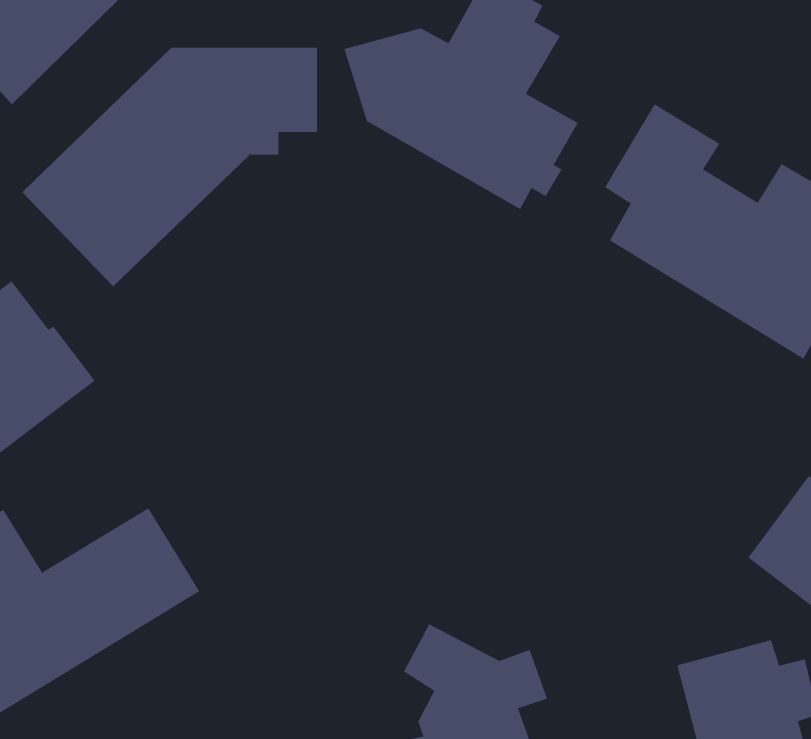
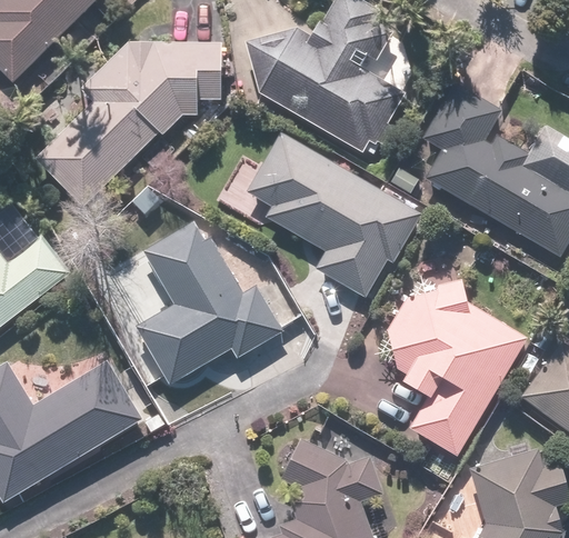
building: none -> [224,132,427,297]
building: none -> [136,219,286,386]
building: none -> [387,280,528,458]

